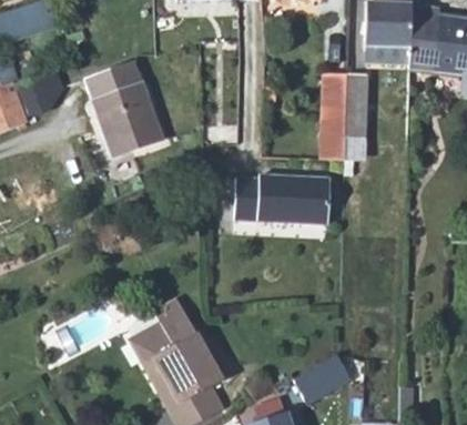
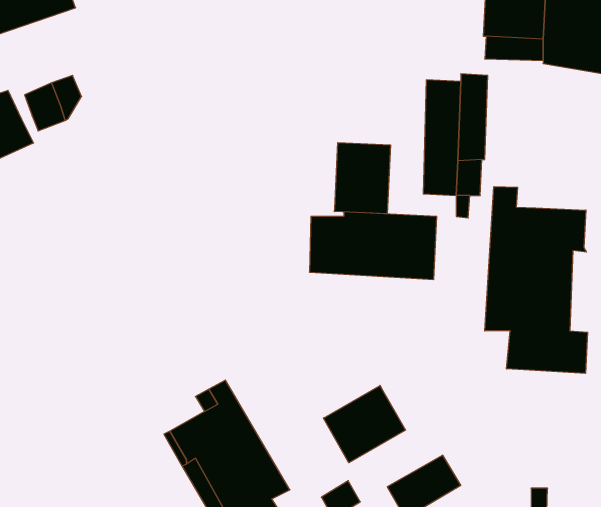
building: [88,60,162,149] -> none
building: none -> [334,143,390,214]
building: none -> [485,187,588,373]
building: none -> [323,385,406,463]

